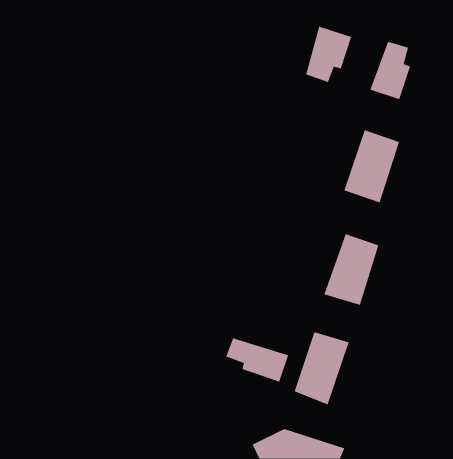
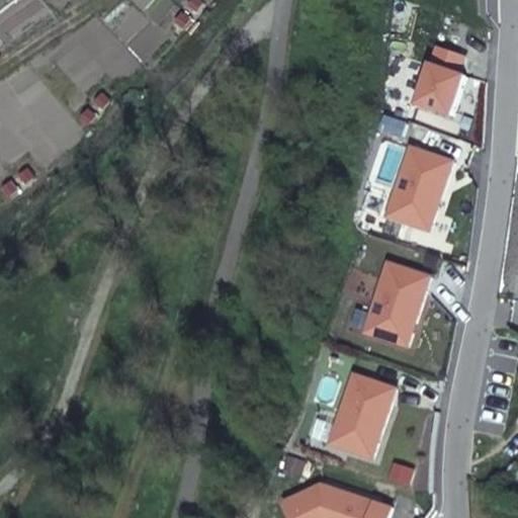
building: [306,26,352,83] -> none
building: [226,338,289,382] -> none

